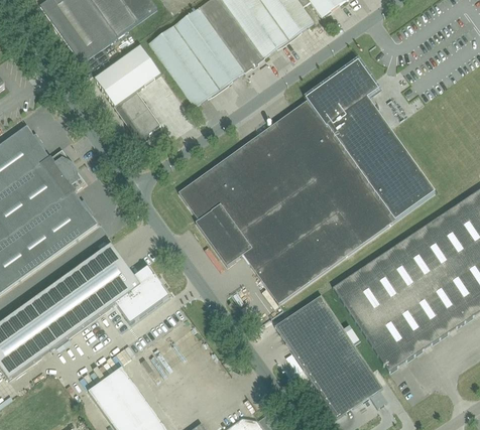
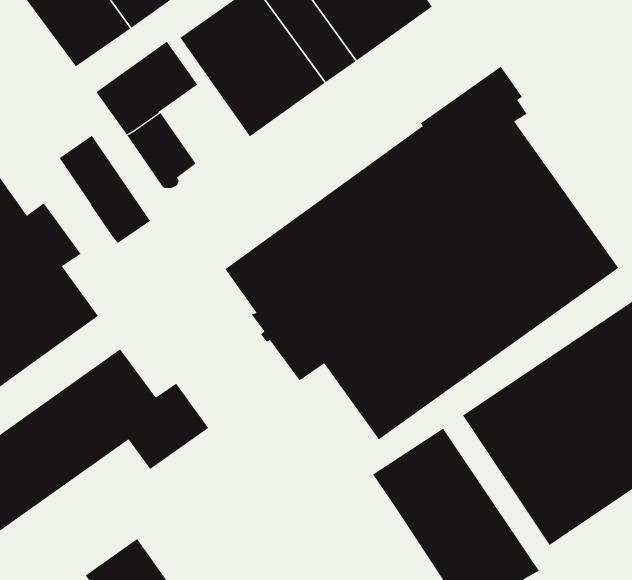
building: none -> [59,135,151,244]

